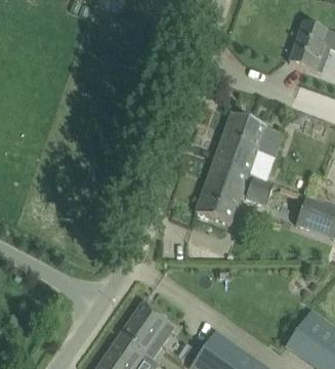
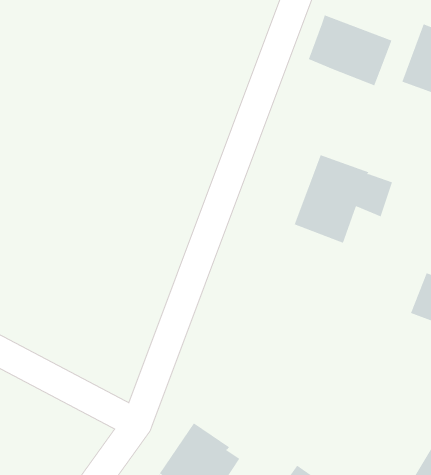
building: none -> [308,15,392,86]
building: [195,162,273,224] -> none

